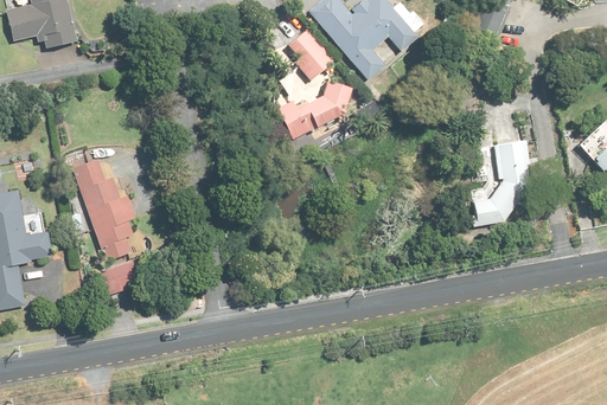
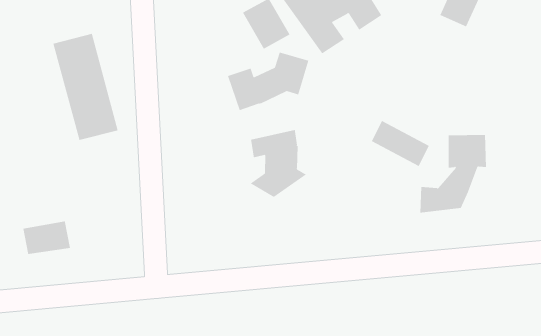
building: none -> [371,120,430,167]
building: [69,152,140,257] -> [53,33,119,141]
building: none -> [250,129,307,198]

